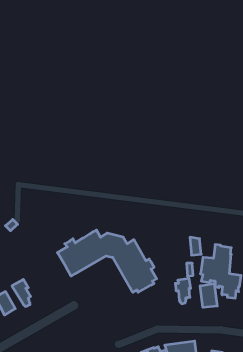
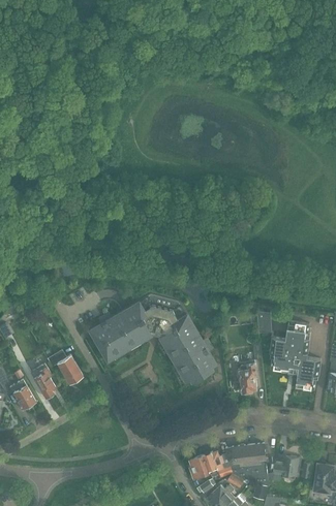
building: none -> [48,351,82,384]
building: [200,284,217,307] -> none

